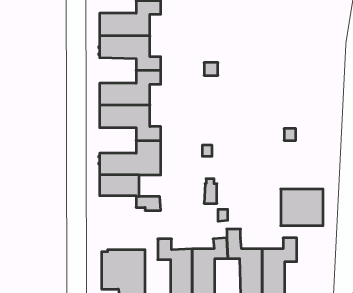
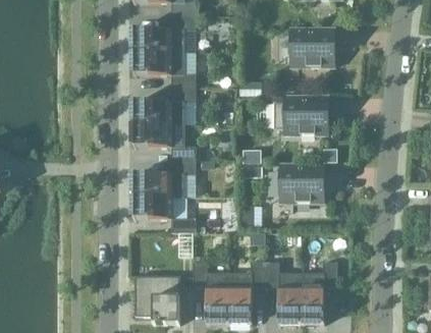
building: none -> [291,30,336,66]
building: none -> [275,97,330,134]
building: [281,189,323,226] -> [281,165,325,203]

